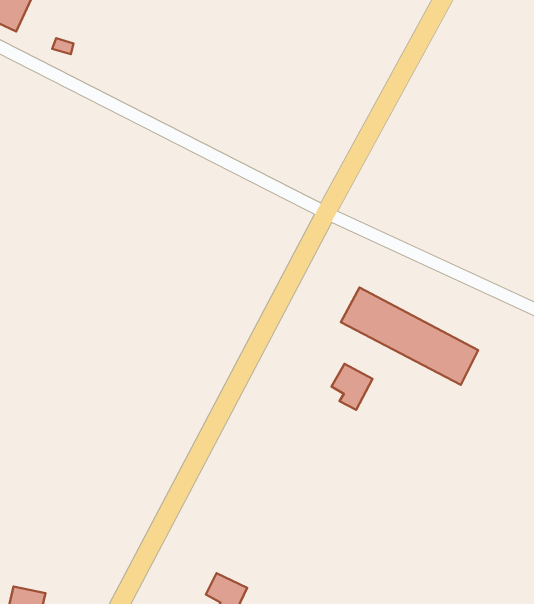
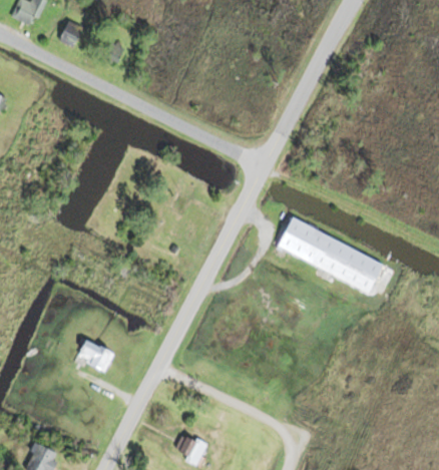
building: [332,364,373,410] -> none
building: none -> [75,339,114,373]

